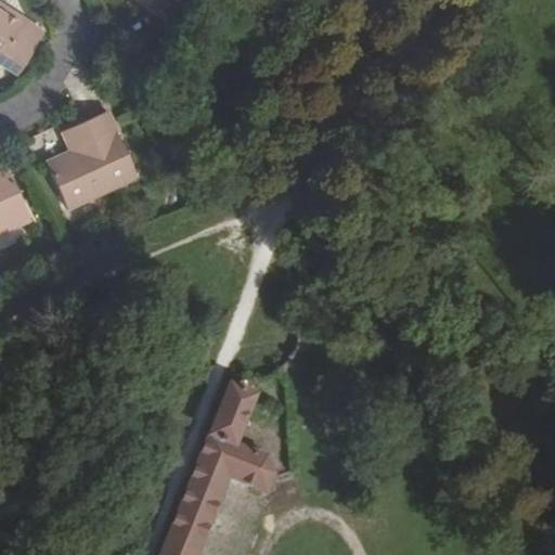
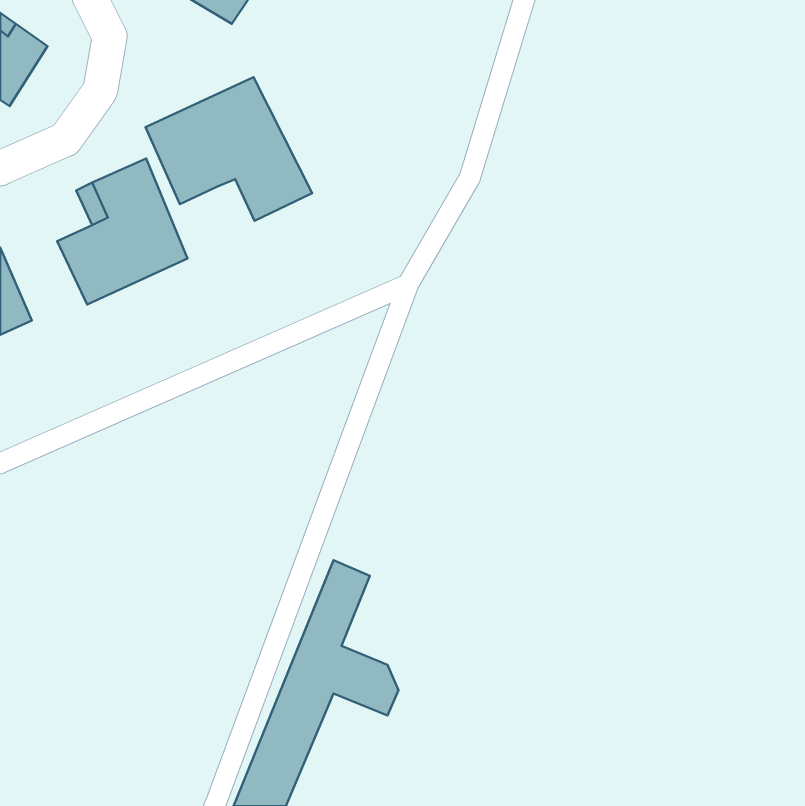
building: none -> [145,77,312,221]

